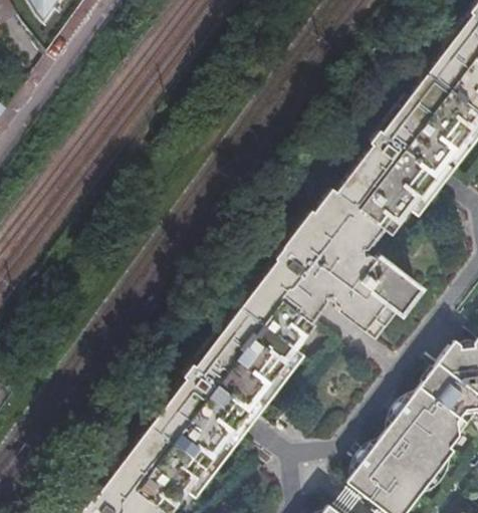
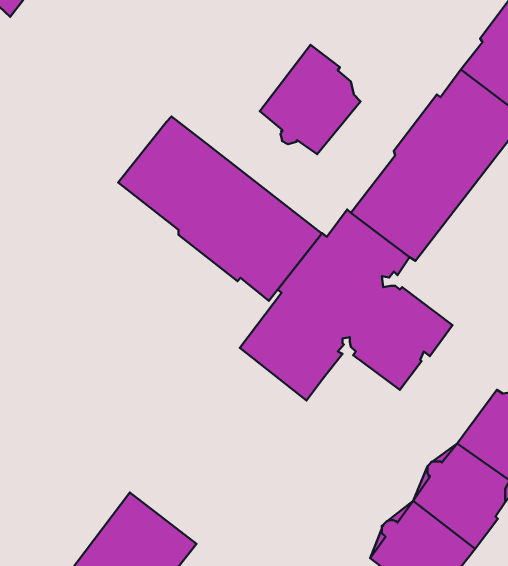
building: none -> [260,45,360,154]
building: none -> [118,117,322,301]
building: [150,307,298,472] -> none

